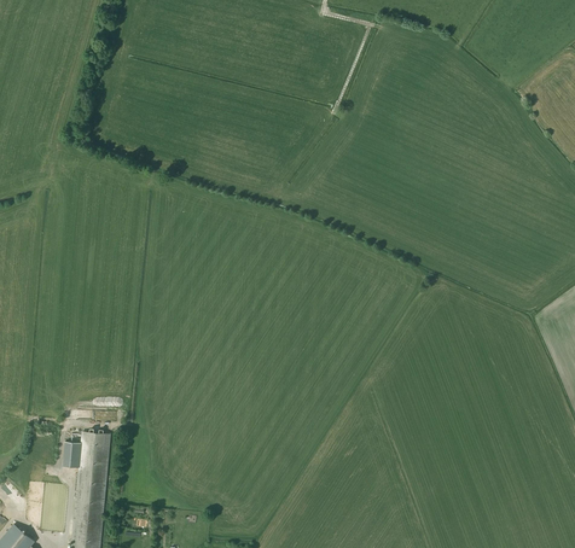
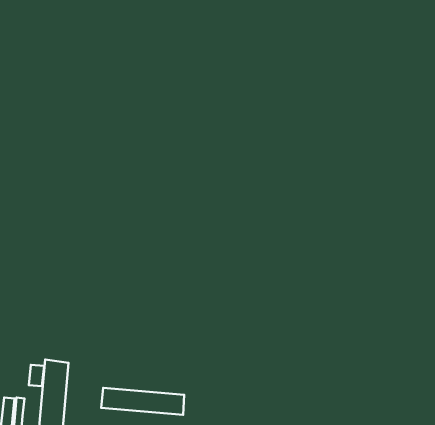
building: none -> [101,388,184,415]

